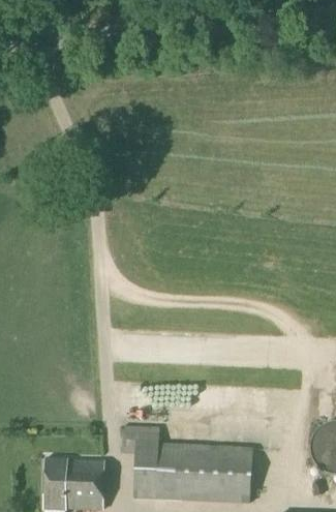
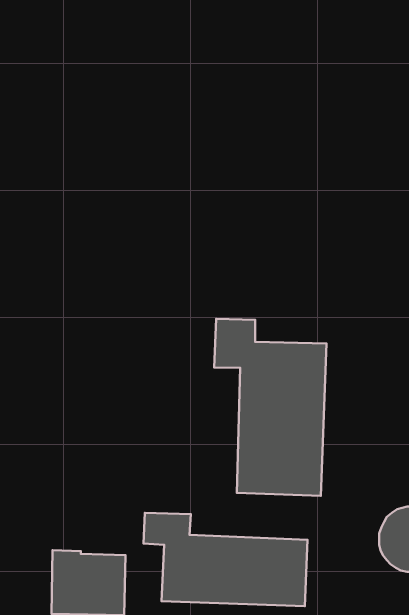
building: none -> [214,319,326,496]

